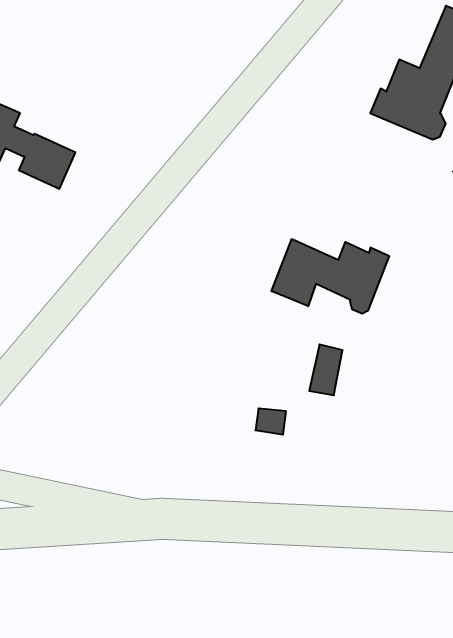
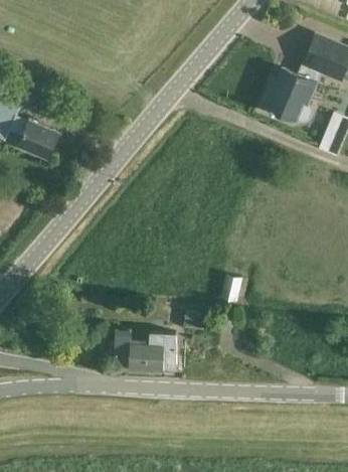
building: [271,239,389,314] -> none
building: none -> [114,331,175,371]

